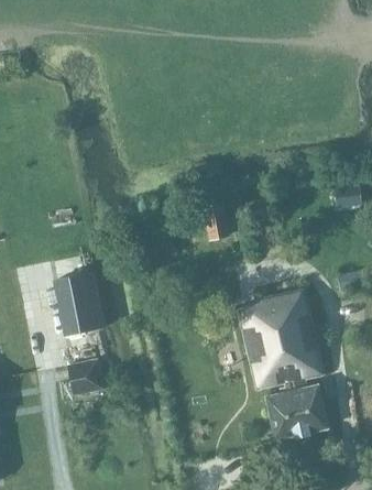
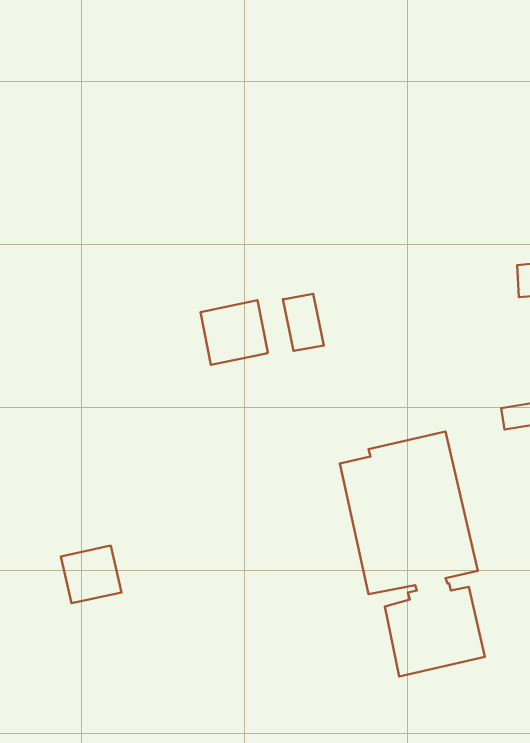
building: none -> [200,300,268,365]
building: [53,273,99,336] -> none

